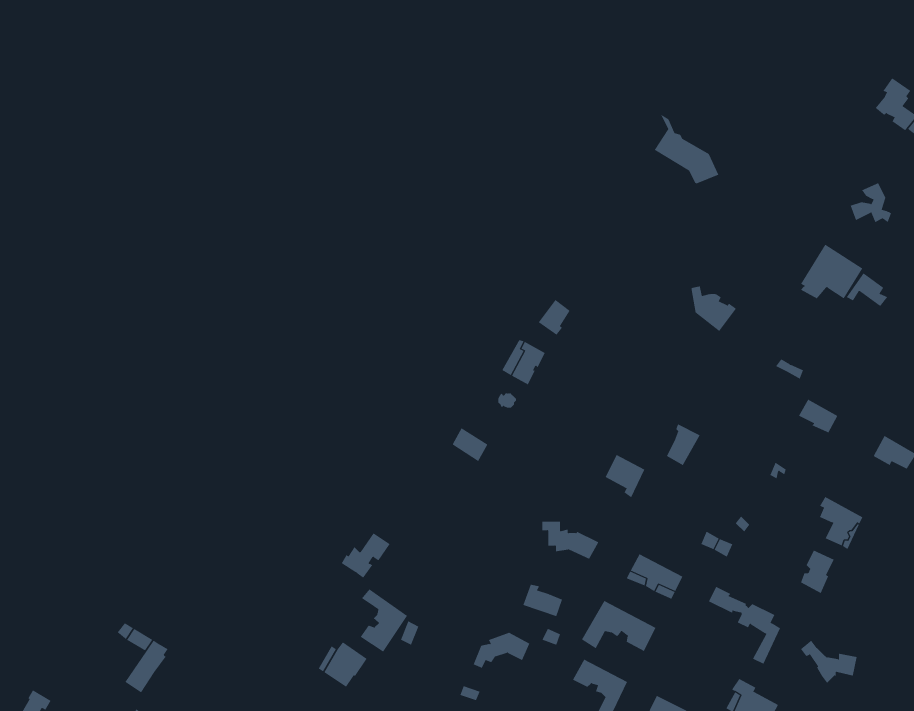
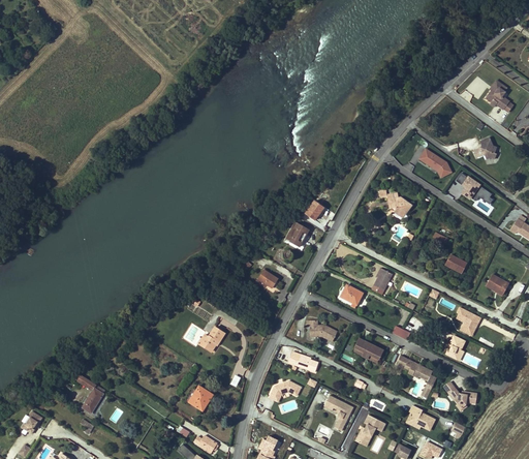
building: [654,114,719,184] -> [417,140,453,178]
building: [360,588,408,652] -> none
building: [581,600,656,652] -> none

